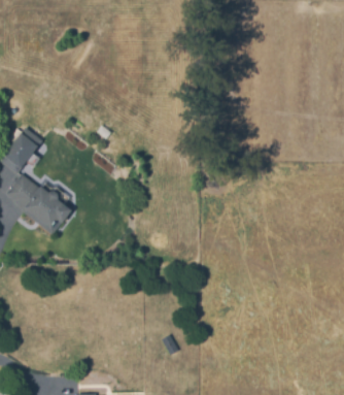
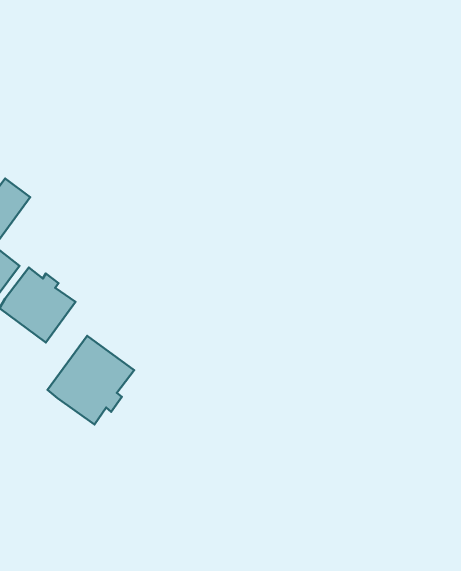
building: none -> [47,336,134,425]

